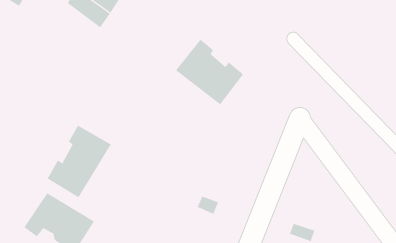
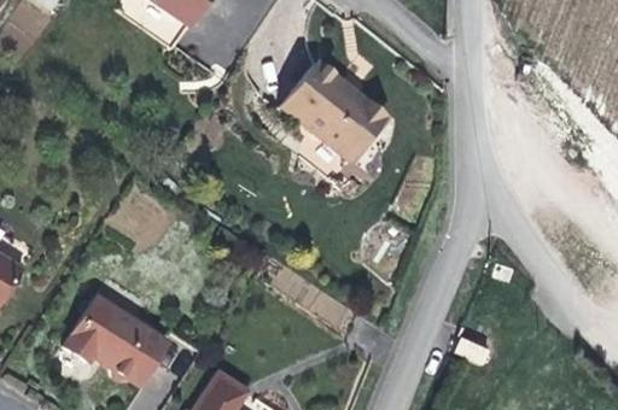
building: [47,125,111,198] -> none

